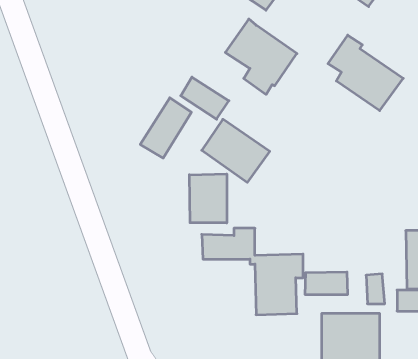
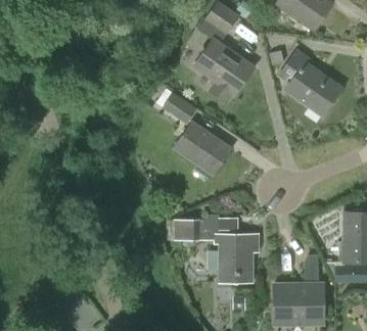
building: [140,98,191,158] -> none
building: [189,174,227,223] -> none
building: [305,272,347,295] -> none

